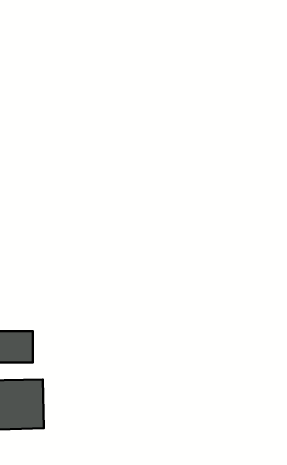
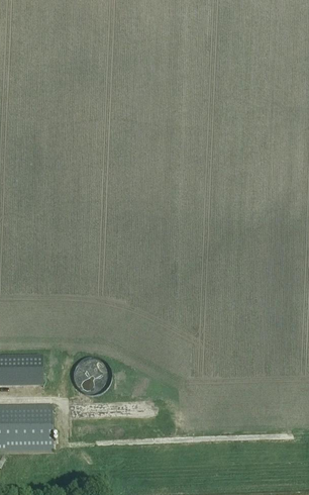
building: none -> [83,365,108,391]

